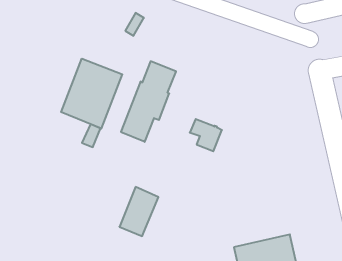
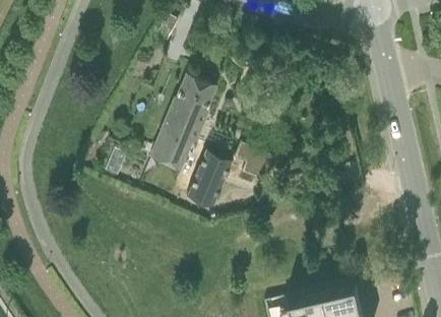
building: [61,59,122,129] -> none
building: [119,187,158,236] -> [186,148,233,207]

